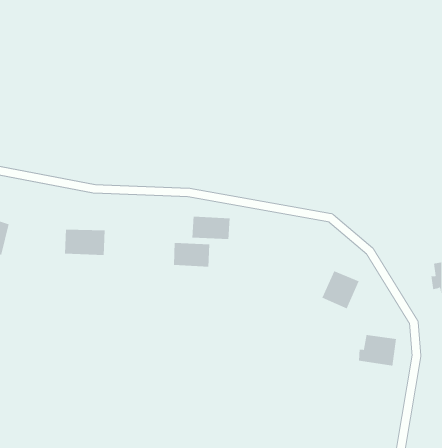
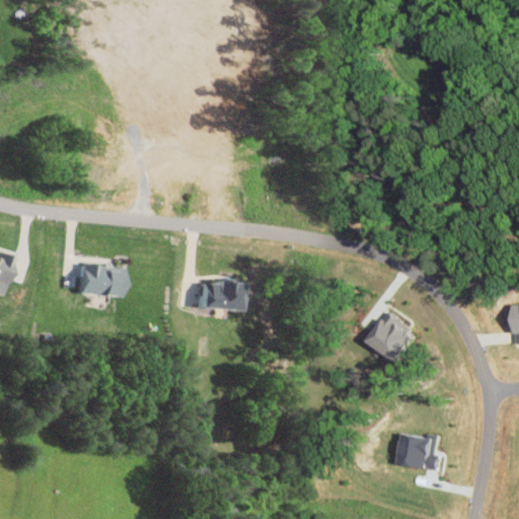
building: [192,216,230,240] -> none
building: [358,334,397,366] -> [394,433,439,469]

